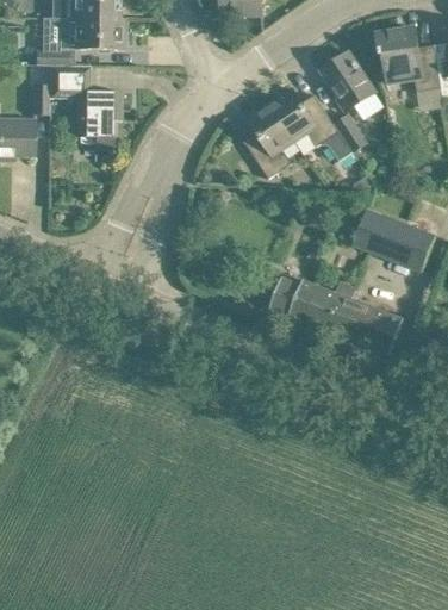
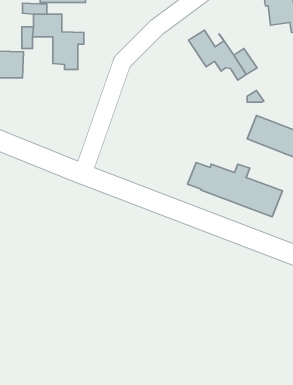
building: [321,50,381,118] -> none
building: [243,101,294,176] -> none

